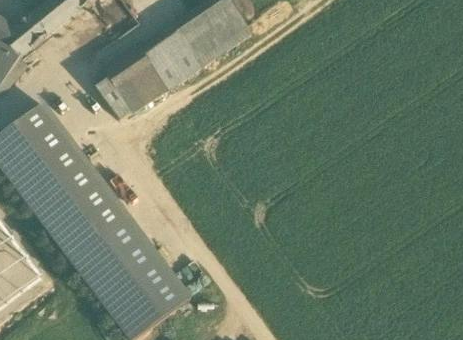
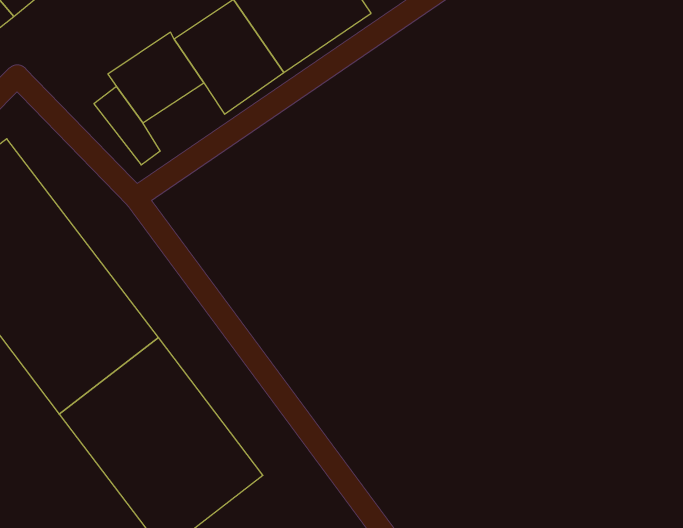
building: [119,69,164,108] -> none

